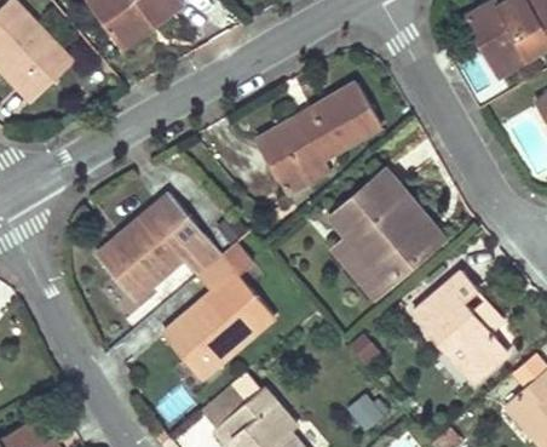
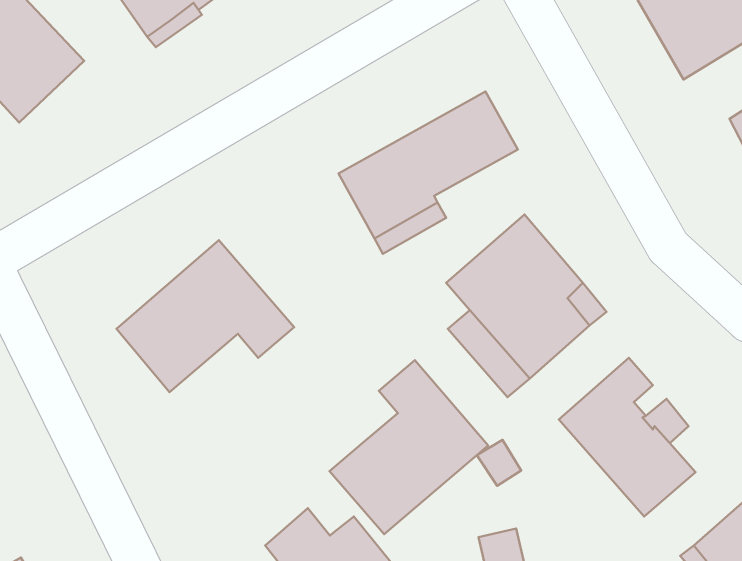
building: [161,251,274,374] -> [329,360,488,534]

